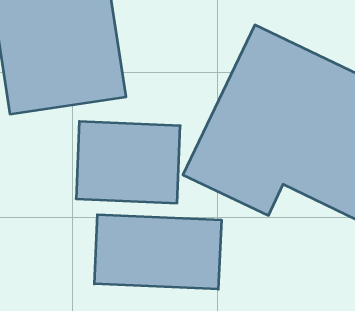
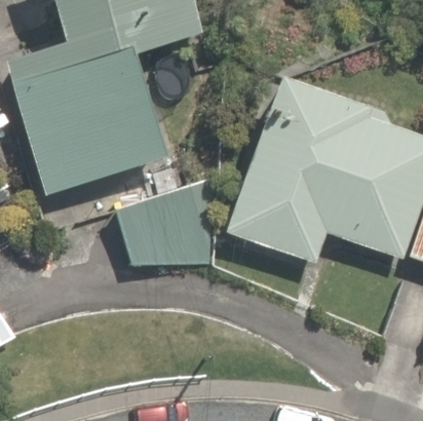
building: [94,215,221,289] -> none

